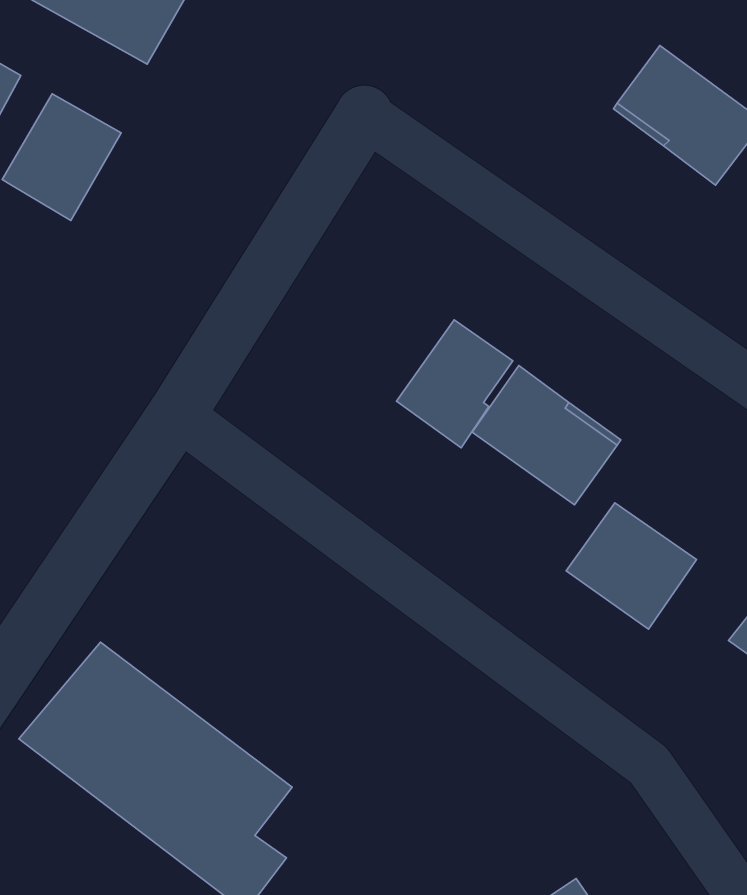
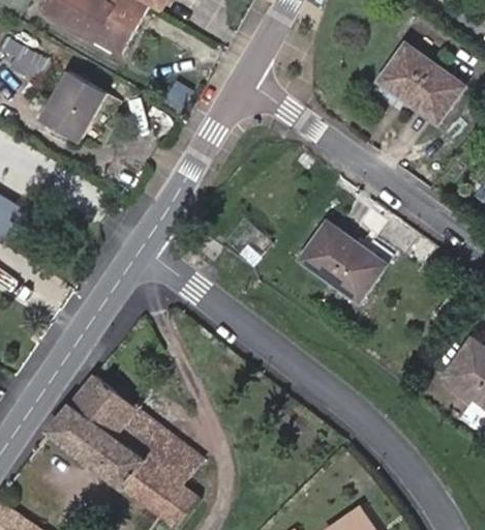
building: [397,320,513,448] -> none
building: [566,503,697,629] -> none

